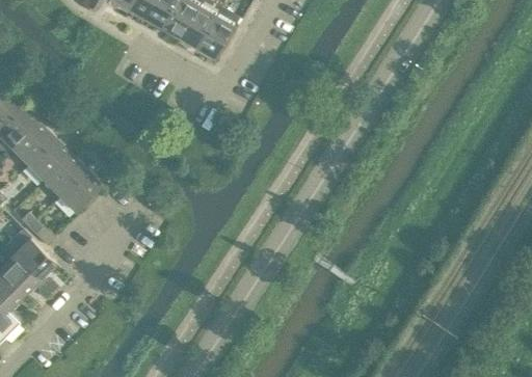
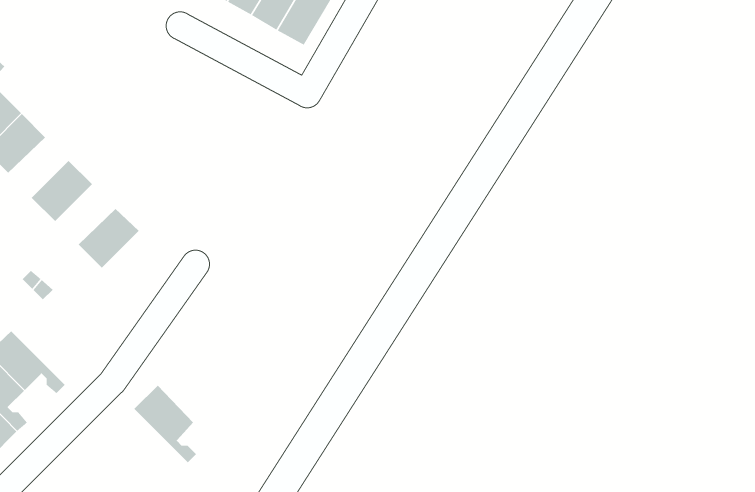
building: [11,122,53,163] -> none
building: [44,154,85,195] -> none
building: [14,238,57,292] -> [134,385,197,463]

